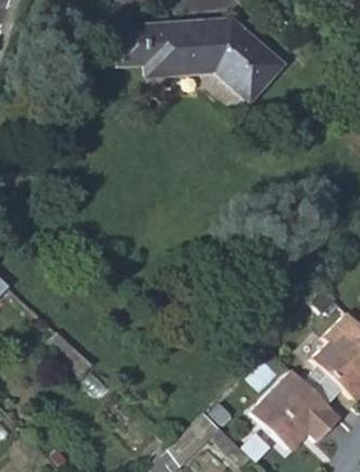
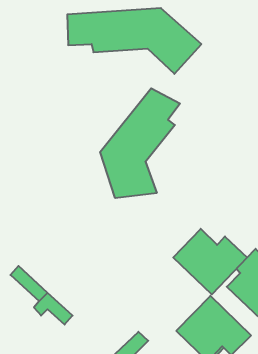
building: none -> [100,88,180,198]
building: none -> [173,229,247,294]

